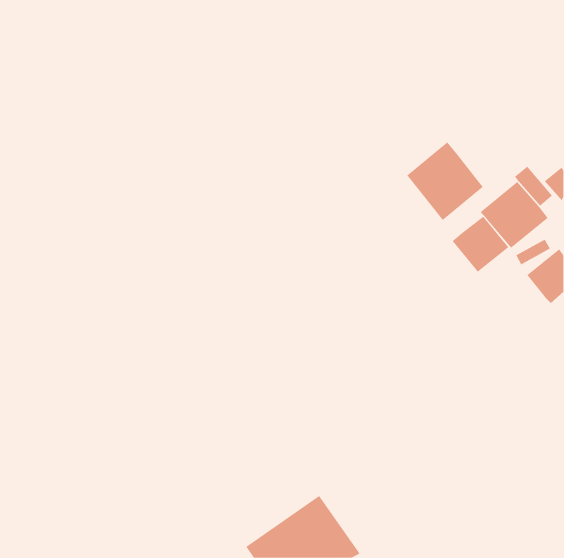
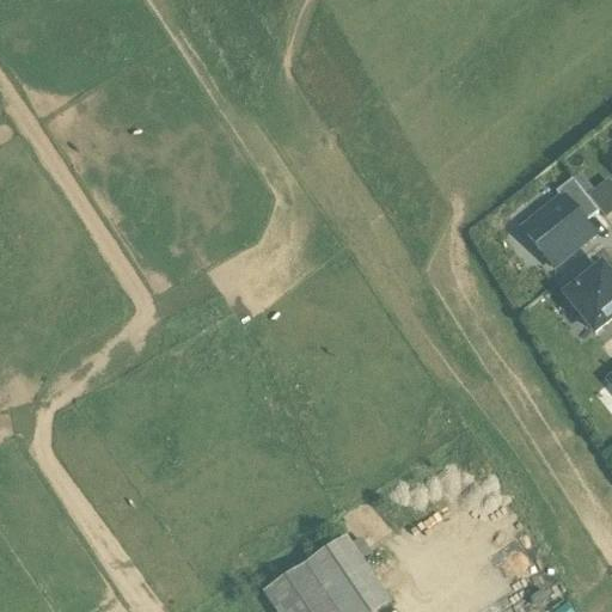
building: [406,142,484,221] -> none
building: [452,216,509,272] -> none

